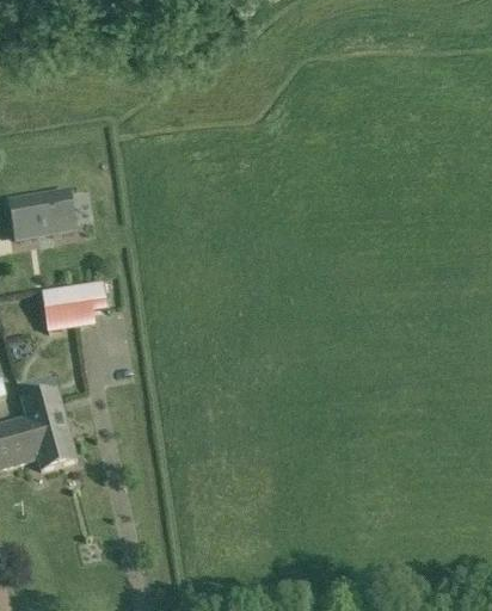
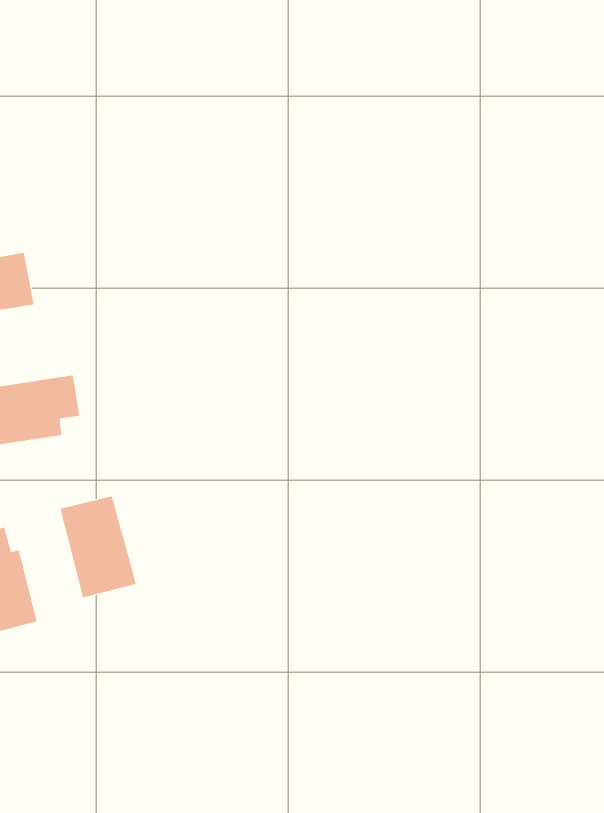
building: none -> [60,496,137,598]

